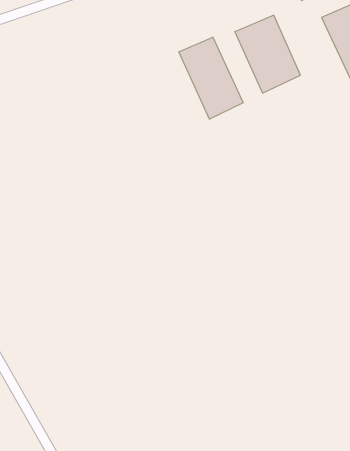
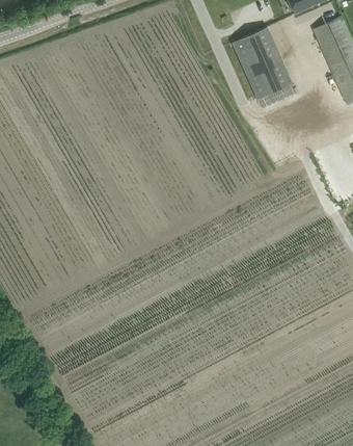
building: [179,37,243,119] -> none

